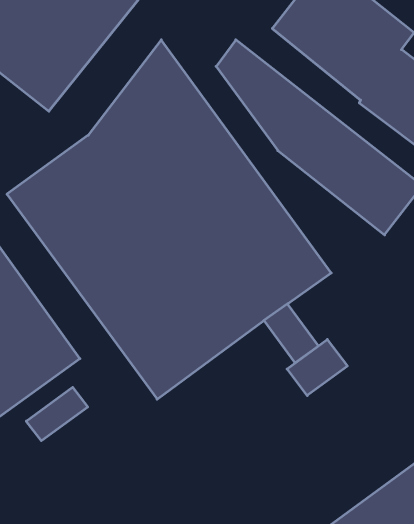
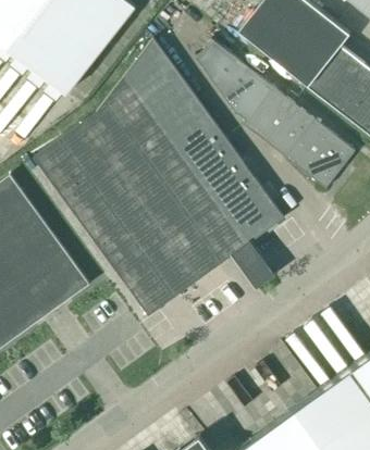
building: [287,339,347,396] -> none
building: [26,387,88,441] -> none

